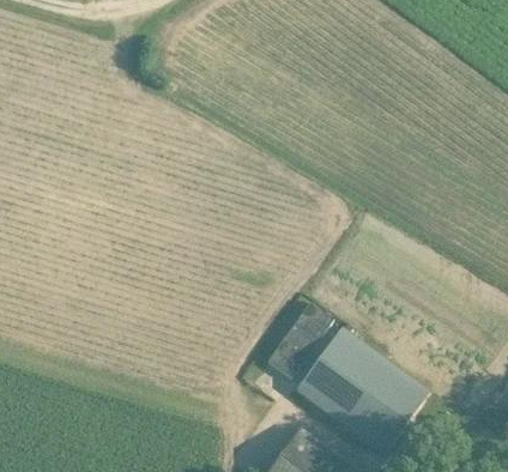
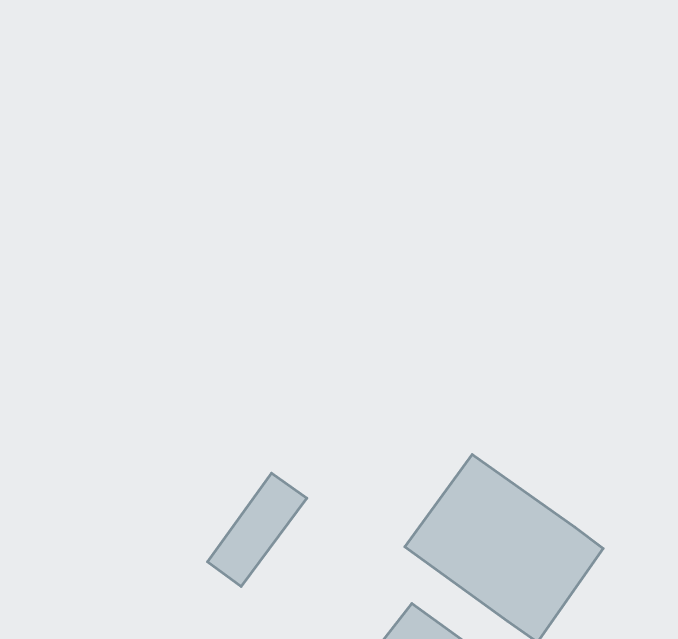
building: [267,302,334,379] -> [208,473,307,587]

